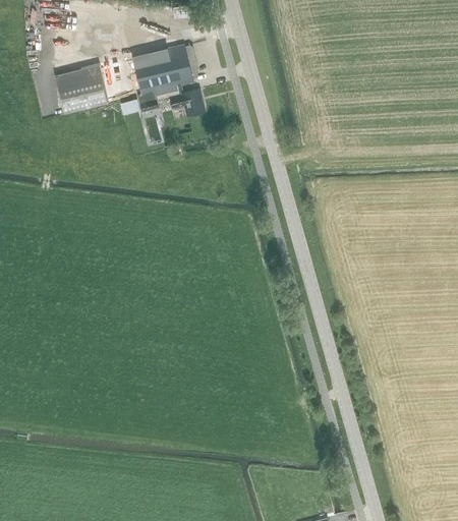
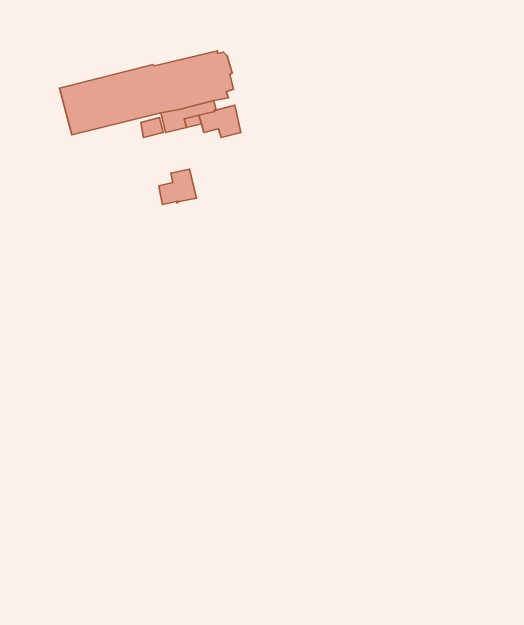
building: none -> [159,169,197,205]

